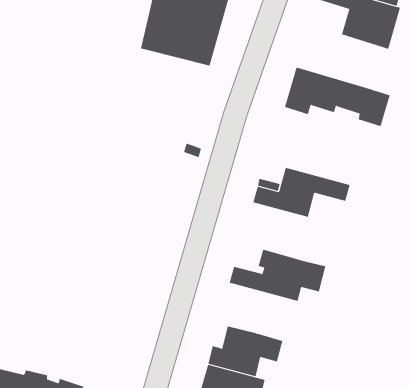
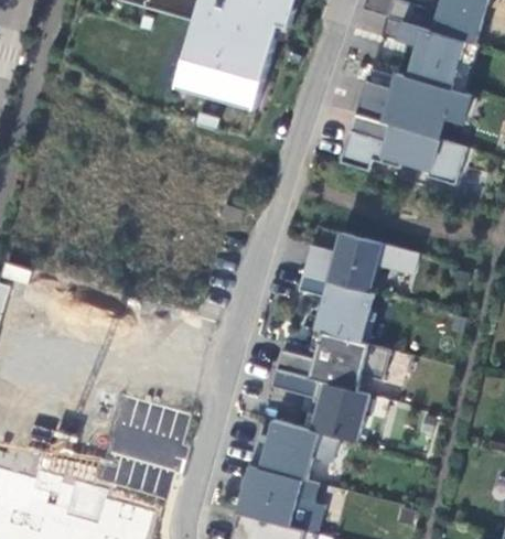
building: none -> [356,73,472,138]
building: none -> [299,273,375,343]
building: none -> [271,368,368,441]

